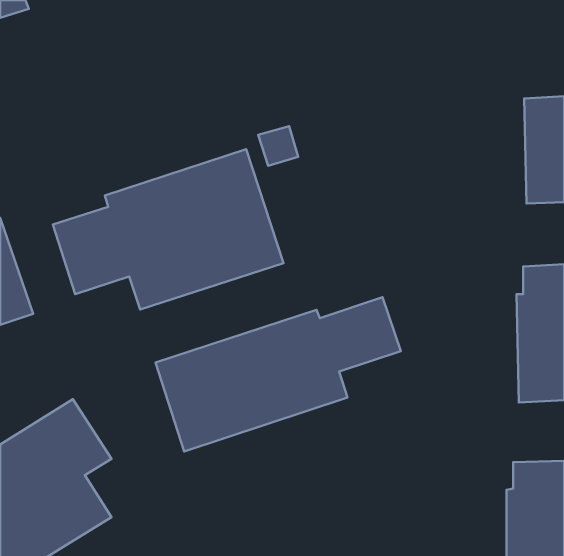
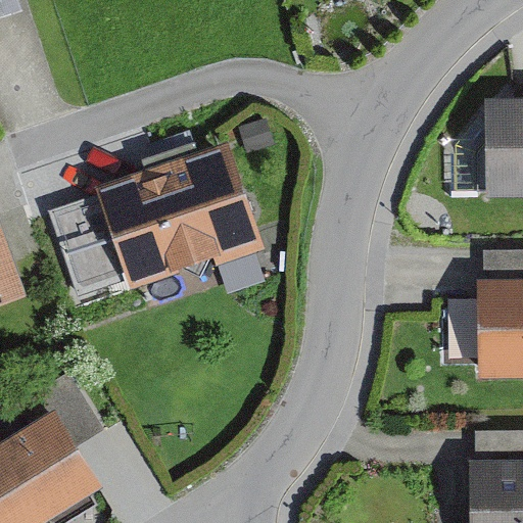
building: [155,297,401,452] -> none

